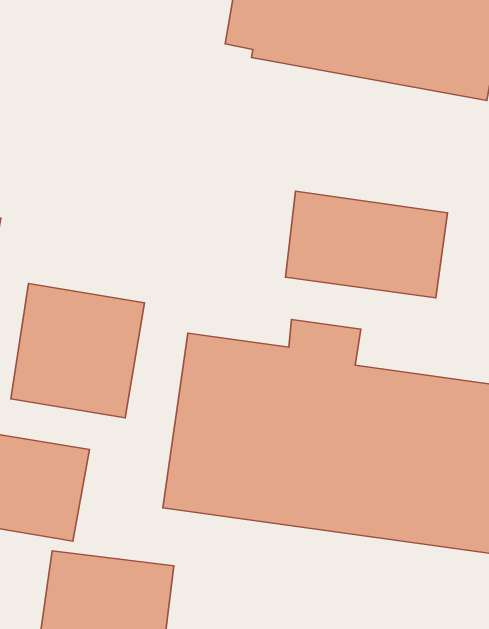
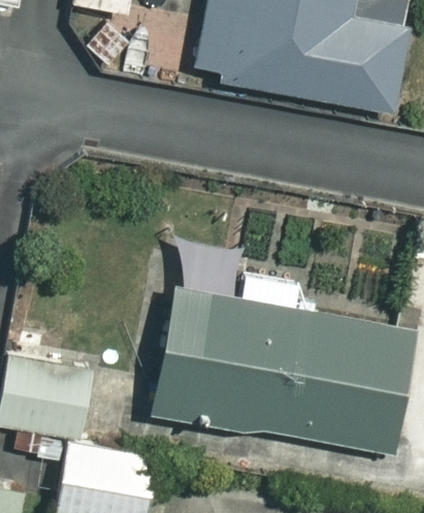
building: [285,191,448,298] -> none
building: [11,283,144,418] -> none

